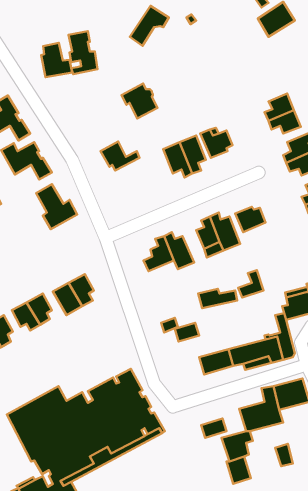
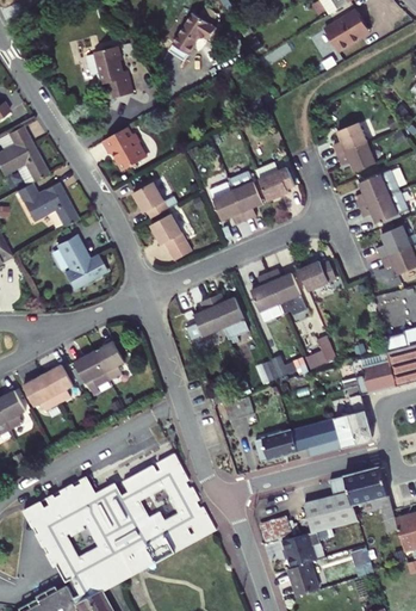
building: [41,43,72,77] -> none
building: [122,83,158,118] -> [103,126,147,169]
building: none -> [151,210,192,257]

